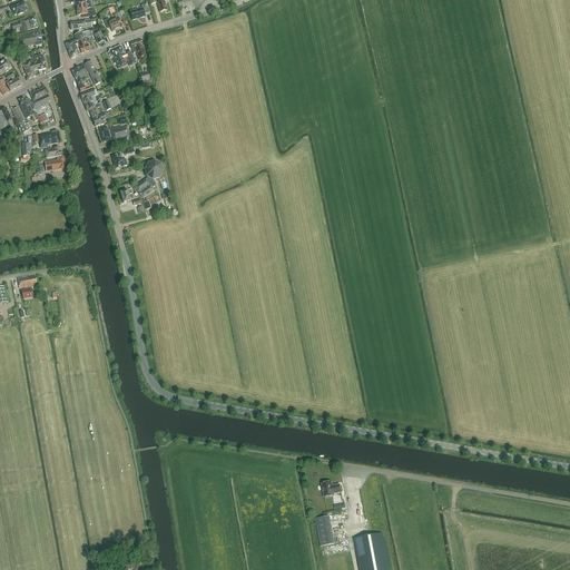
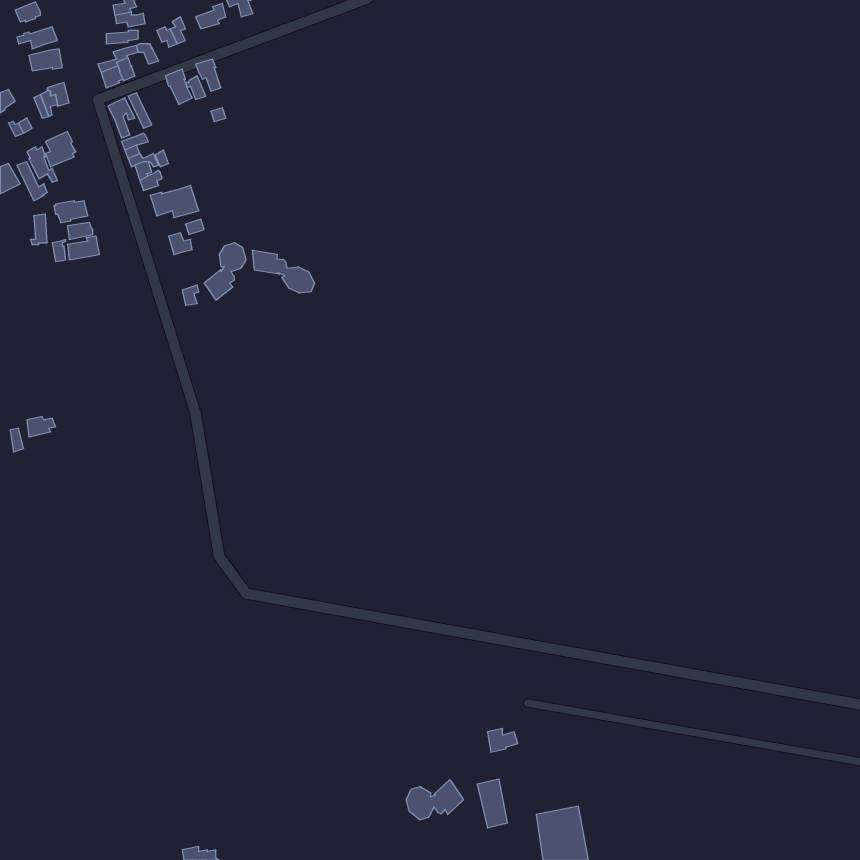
building: none -> [252,250,315,293]
building: none -> [406,780,463,820]

